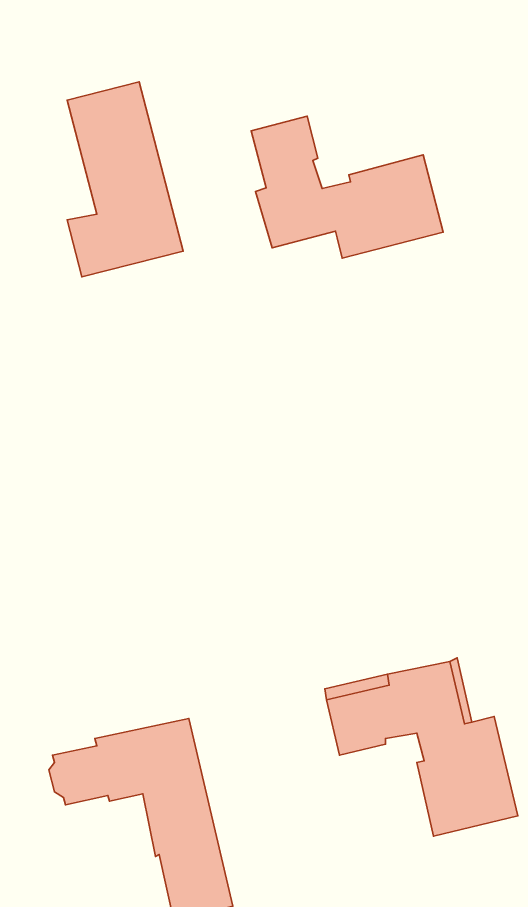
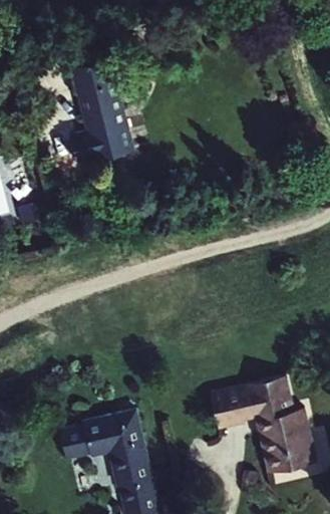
building: [251,116,443,258] -> none

